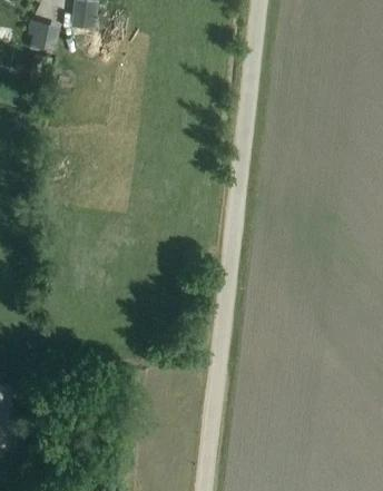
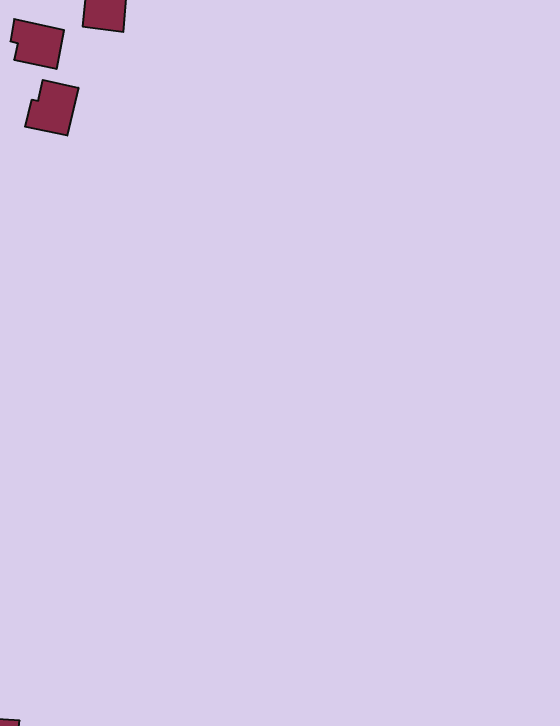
building: none -> [25,80,78,136]

